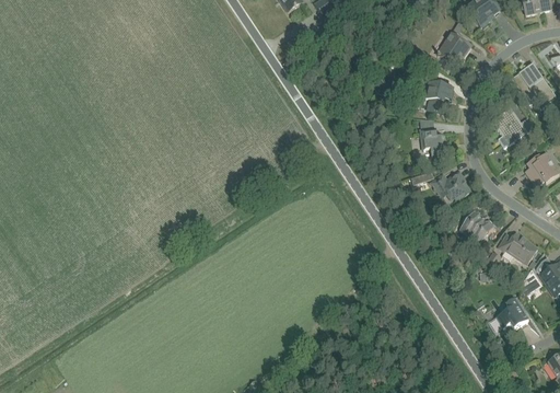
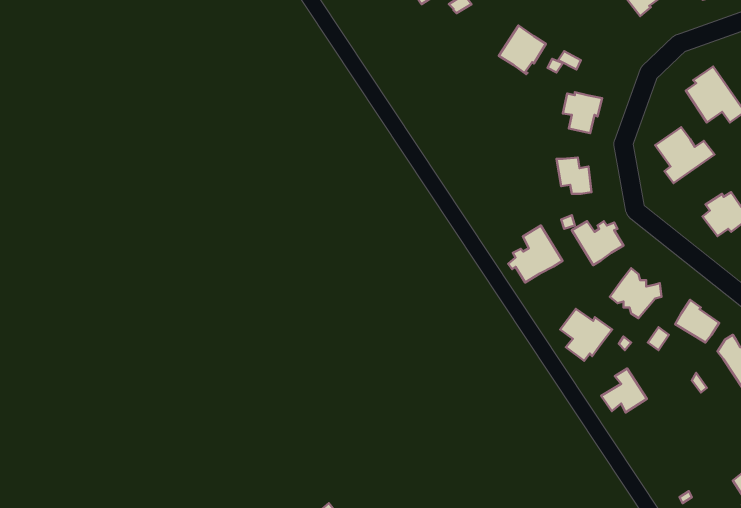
building: [436,32,470,67] -> [499,26,546,74]
building: none -> [508,225,562,282]
building: none -> [560,309,612,361]
building: [495,297,528,328] -> [601,369,647,413]

